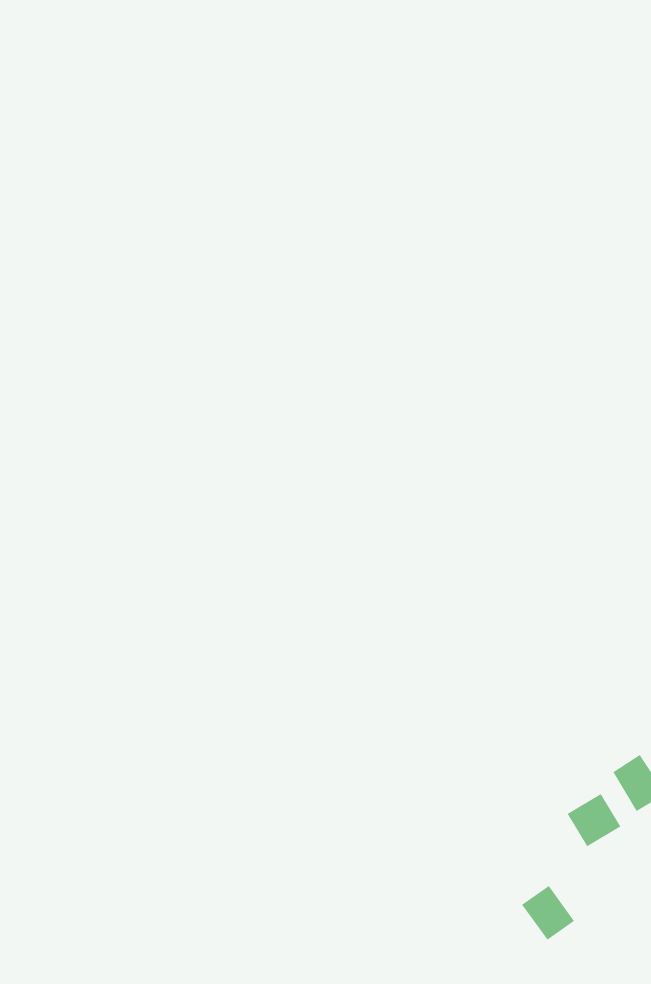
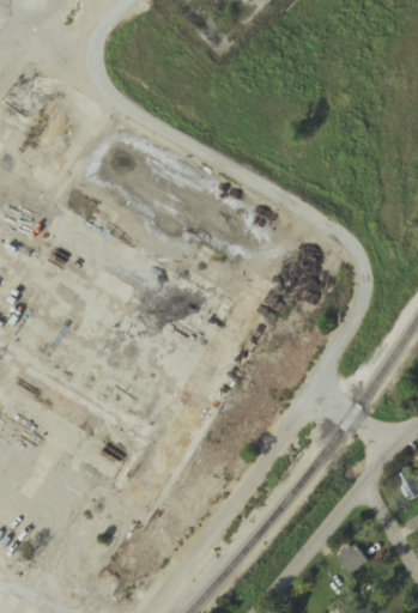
building: [567,793,621,847] -> none

